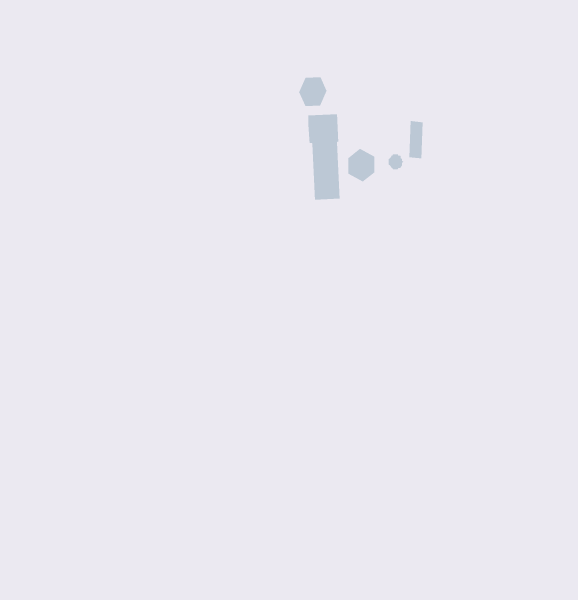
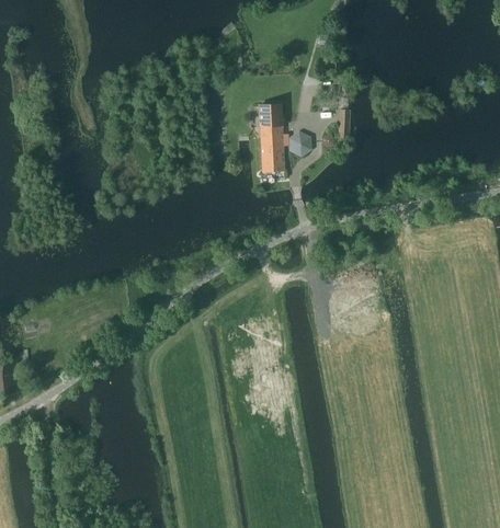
building: [298,76,328,107] -> none

